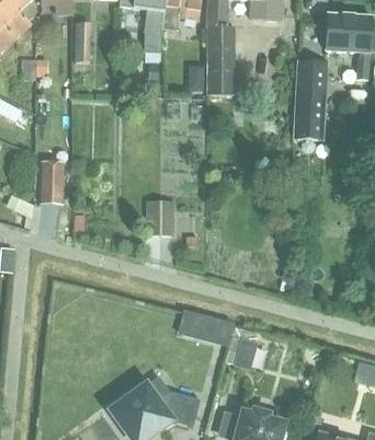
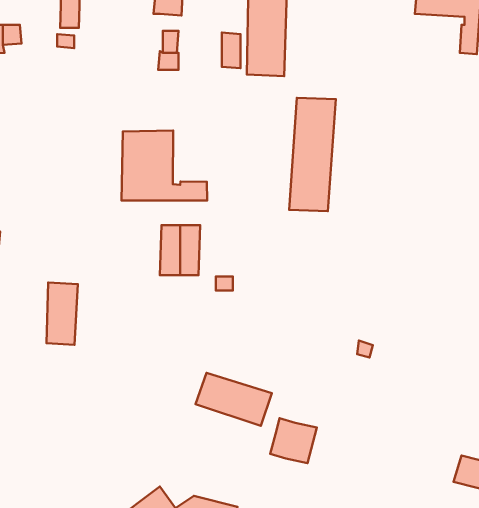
building: [294,61,327,141] -> [289,98,336,211]
building: none -> [122,130,207,200]
building: [39,161,61,205] -> [47,283,78,345]

